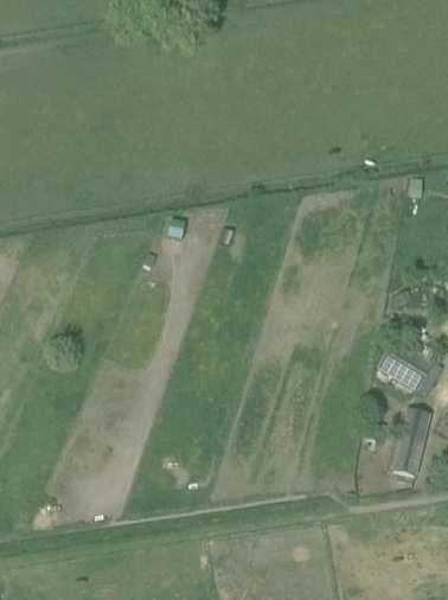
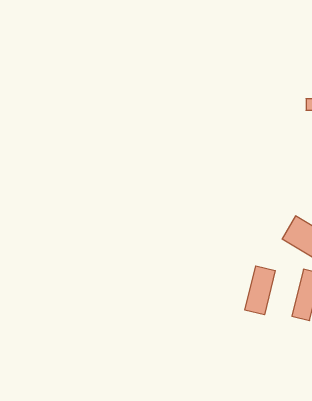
building: none -> [245,266,275,315]

